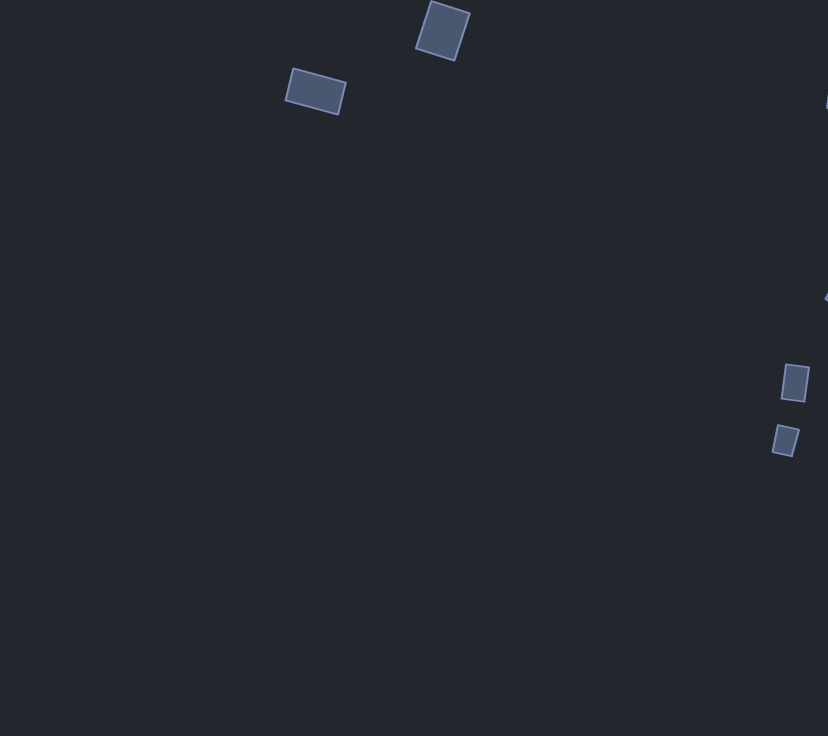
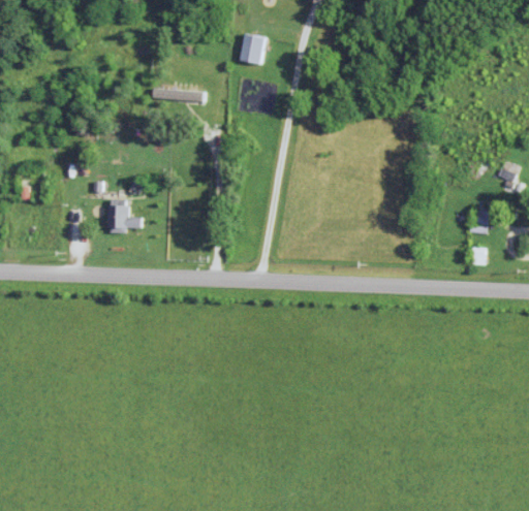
building: none -> [107,200,128,234]

